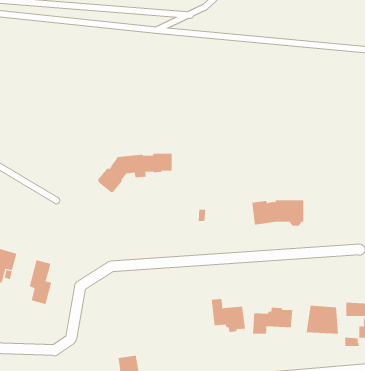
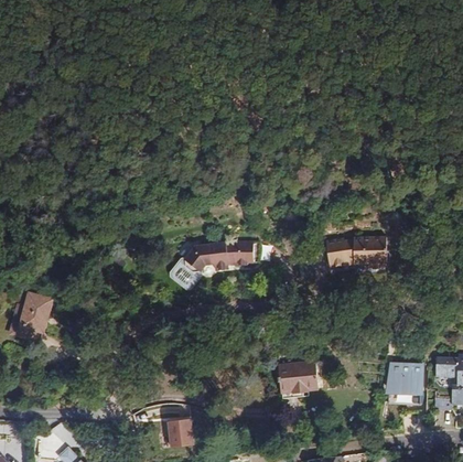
building: [97,153,172,193] -> [170,241,258,288]
building: [29,259,52,305] -> none
building: [252,307,293,335] -> none

